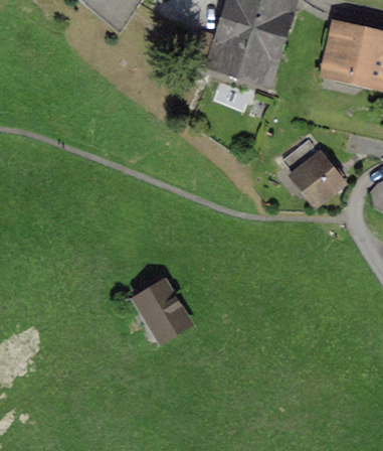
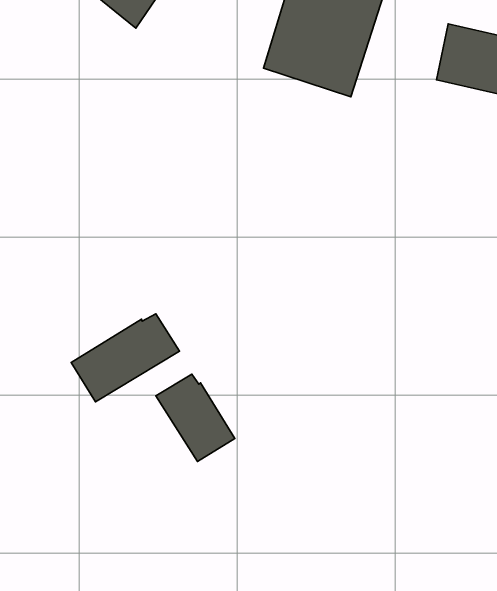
building: [295,152,343,200] -> none
building: none -> [71,314,180,402]

